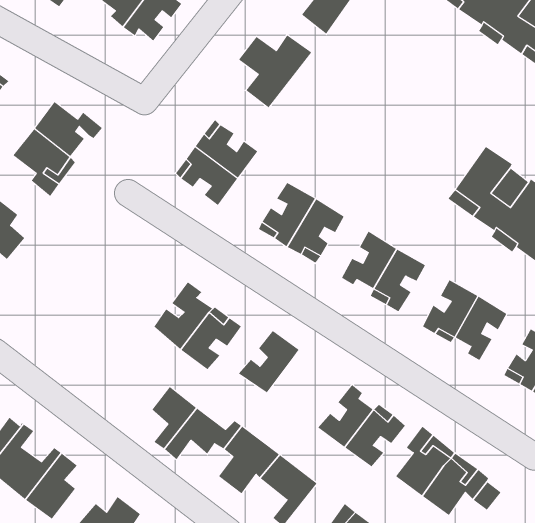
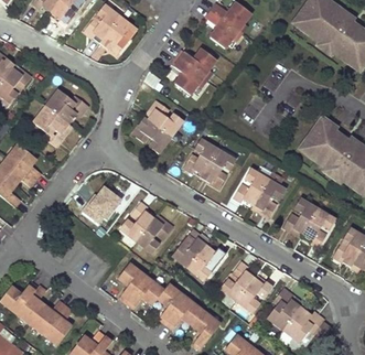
building: none -> [80,184,121,227]
building: none -> [189,245,225,280]

